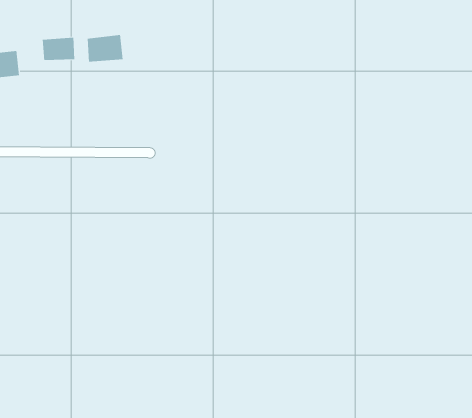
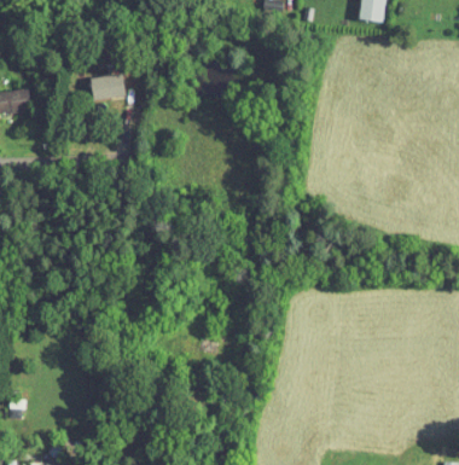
building: [42,37,75,61] -> none

